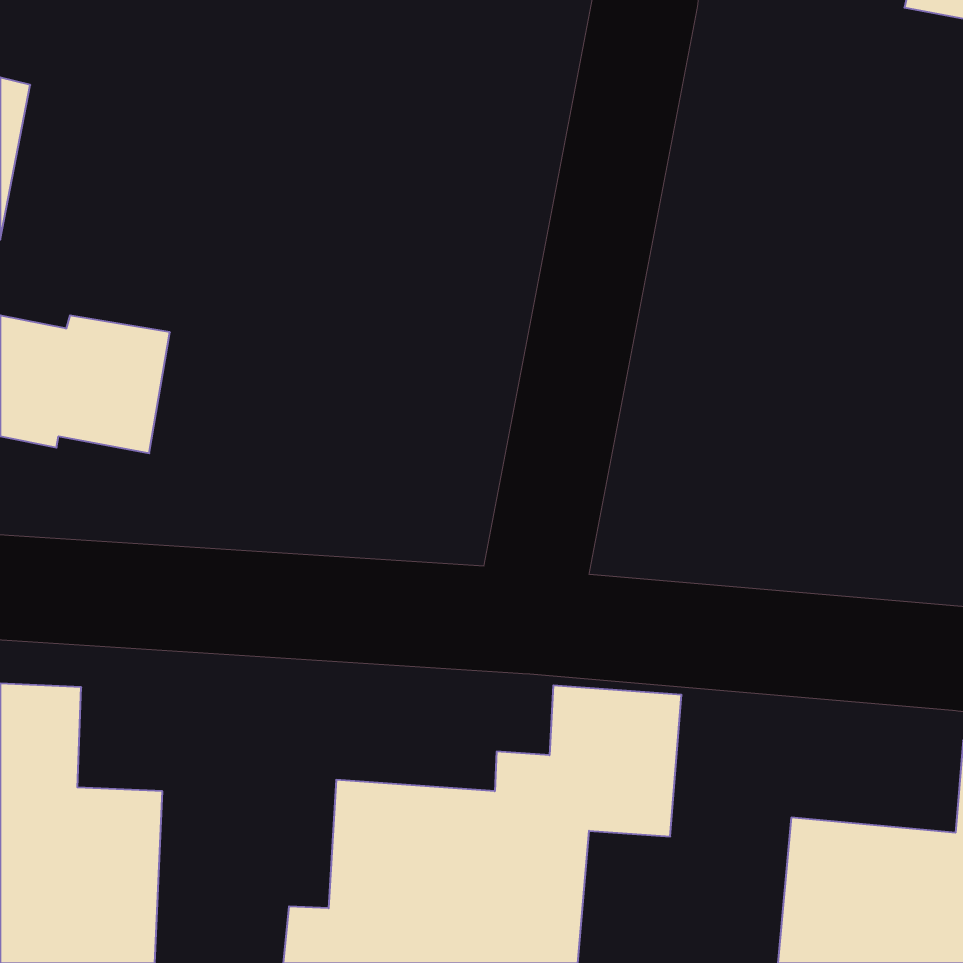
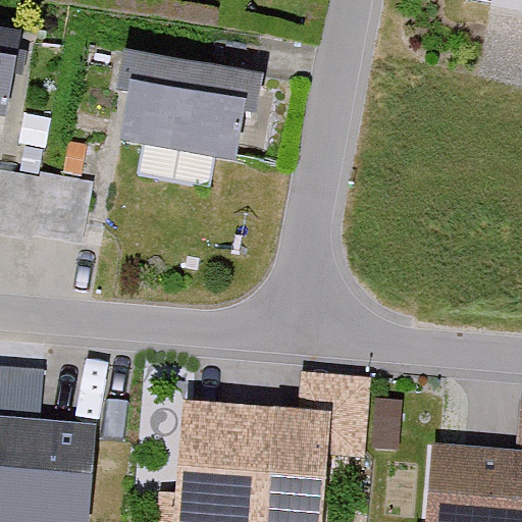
building: none -> [107,63,254,170]

